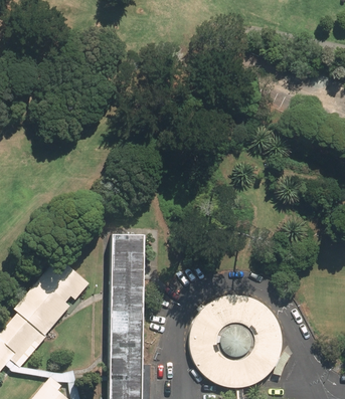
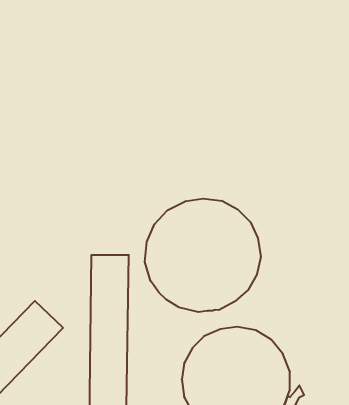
building: none -> [145,199,261,312]

